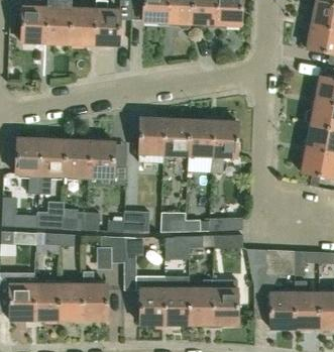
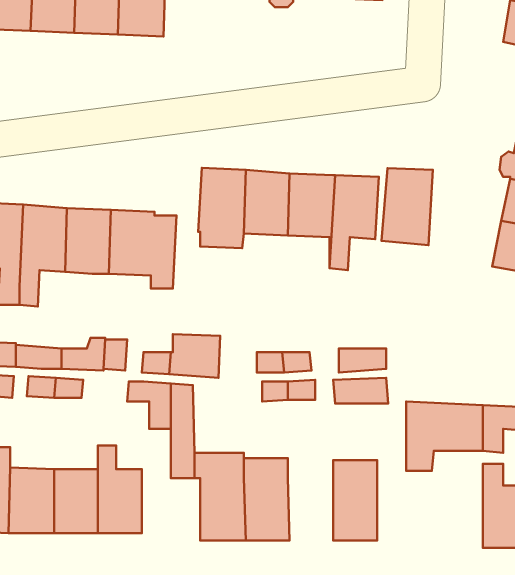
building: none -> [381,168,433,245]
building: [188,279,213,324] -> none
building: [269,294,296,328] -> none

